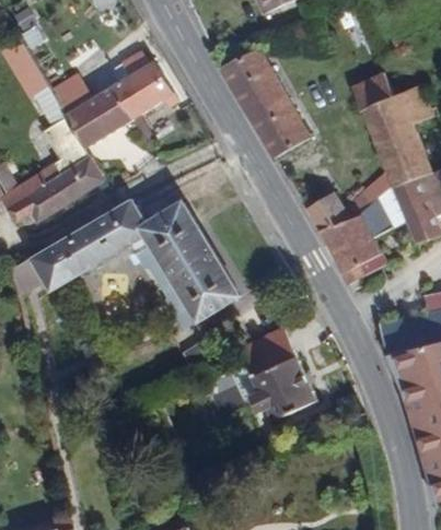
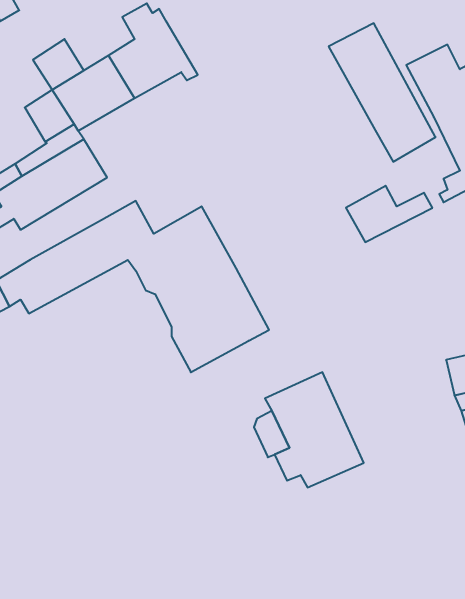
building: [223,46,309,156] -> [329,23,436,162]
building: [317,200,390,283] -> none

